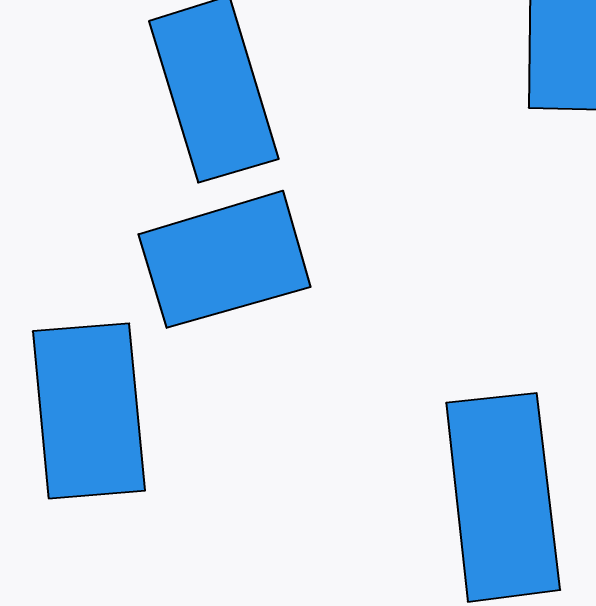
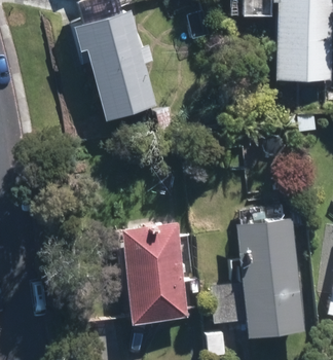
building: [138,191,311,328] -> none
building: [33,323,145,498] -> [123,227,182,319]

